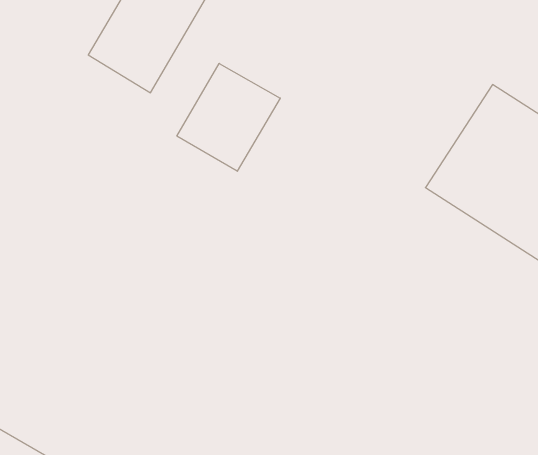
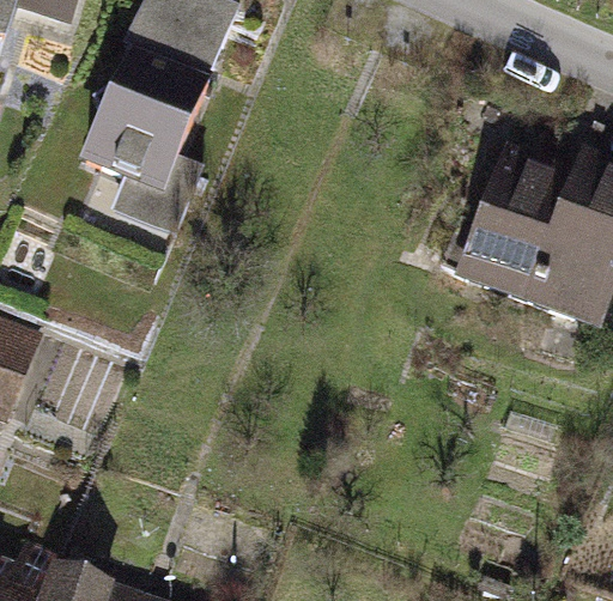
building: [177,63,280,171] -> none

